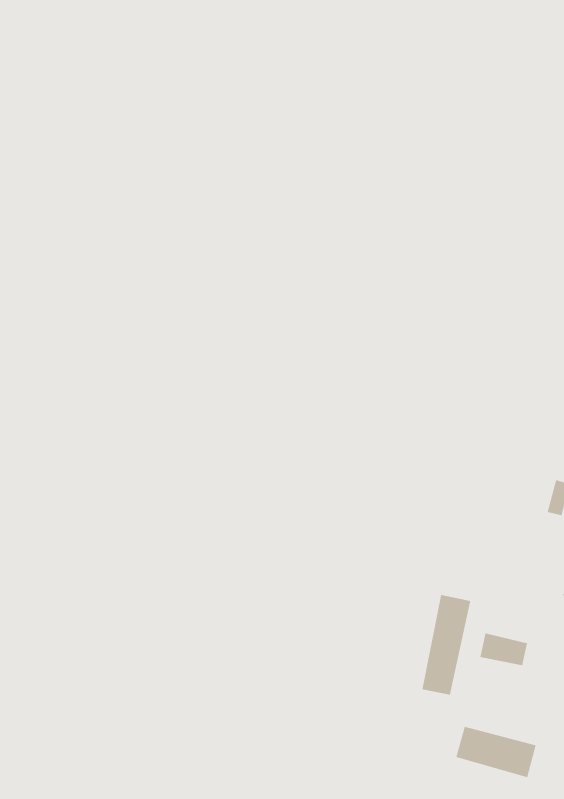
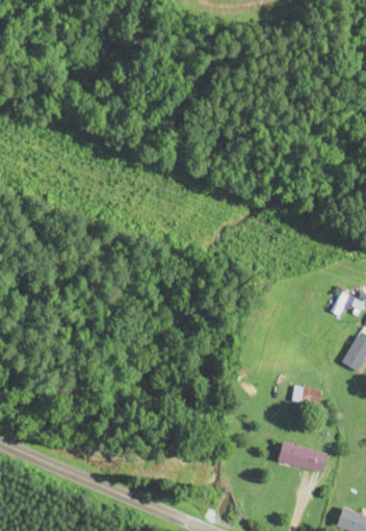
building: [422,594,471,695] -> none

